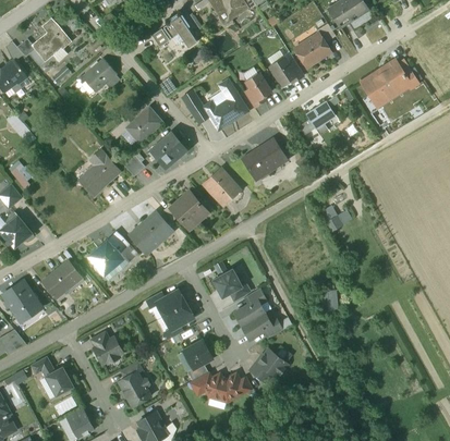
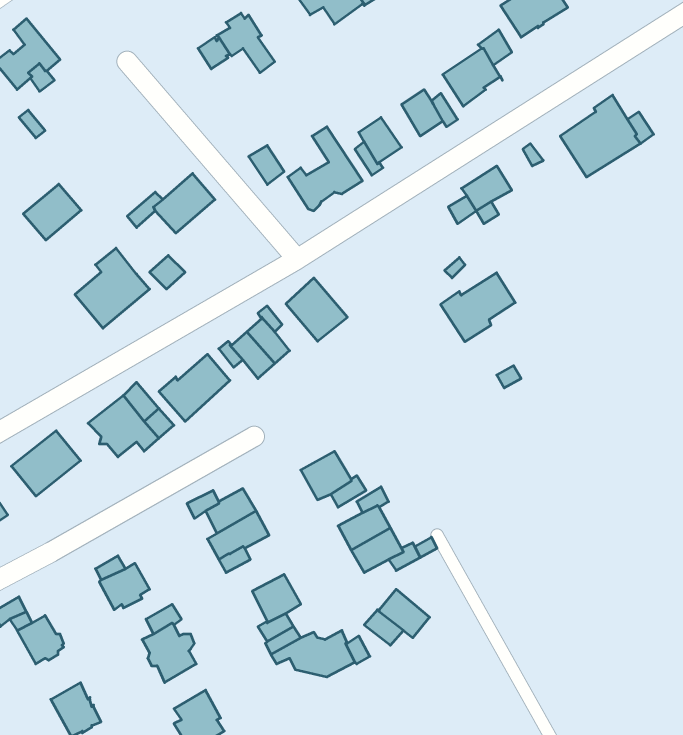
building: [82,59,115,91] -> [23,184,81,240]
building: [150,133,186,166] -> none
building: [241,142,284,182] -> [441,273,515,342]

